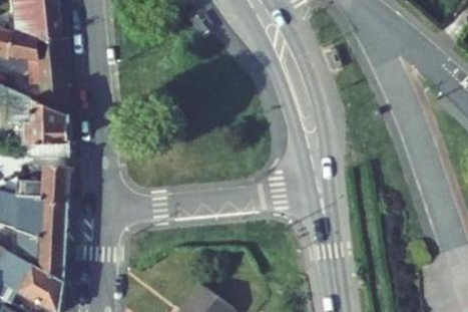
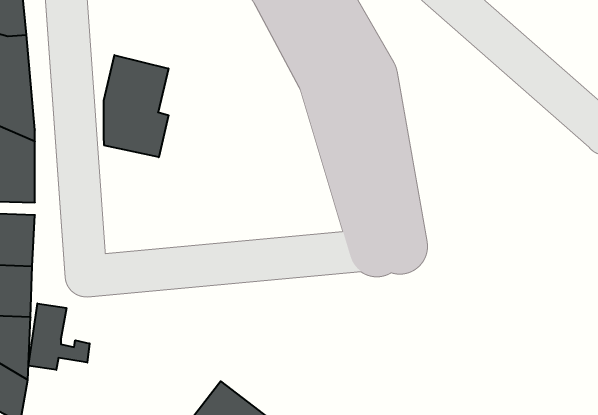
building: none -> [104,55,169,157]
building: none -> [28,303,90,370]

